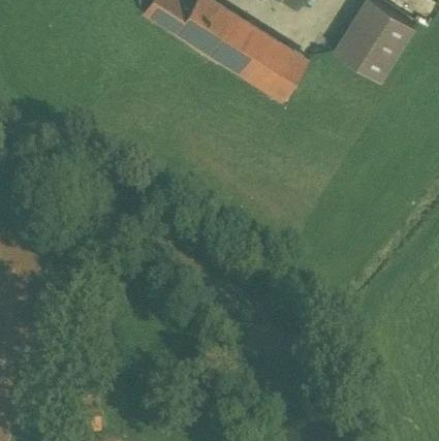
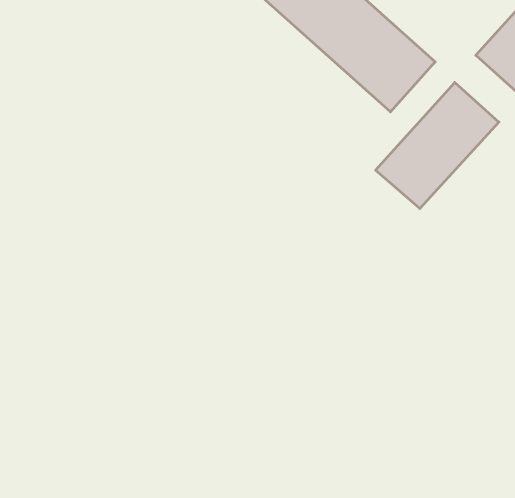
building: none -> [376,82,499,209]

